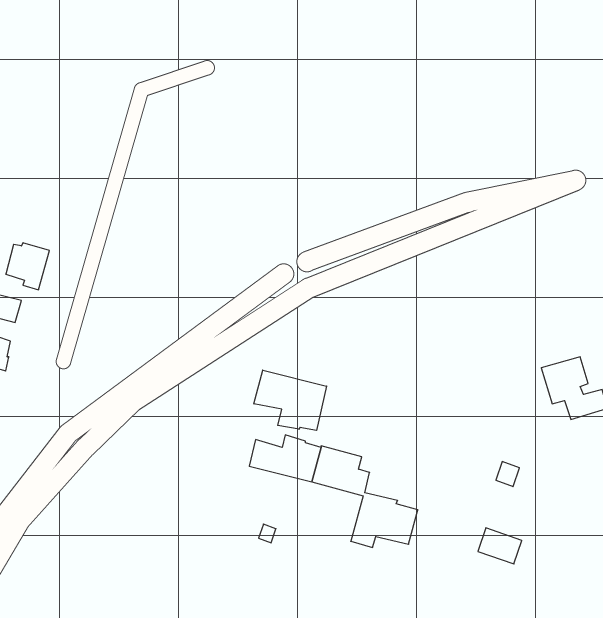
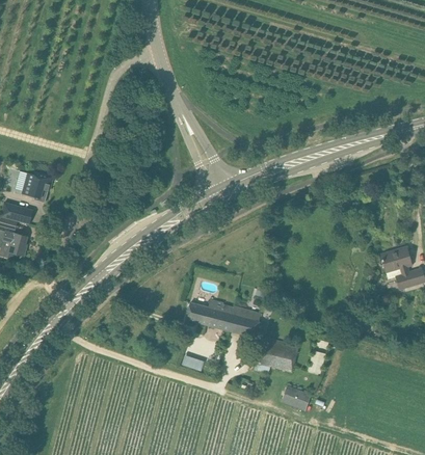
building: [254,370,327,430] -> none
building: [478,528,522,564] -> [281,385,310,409]

